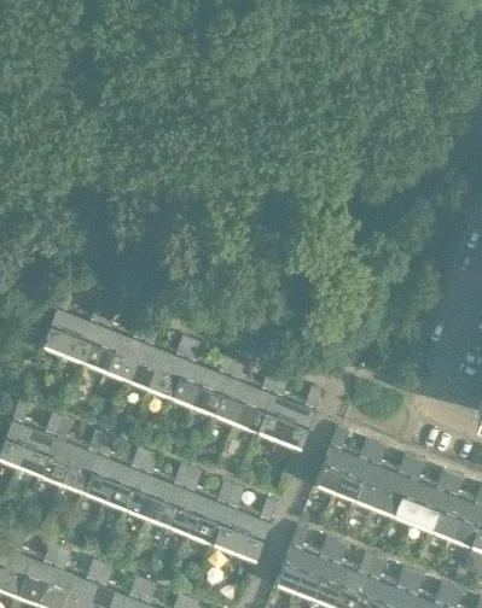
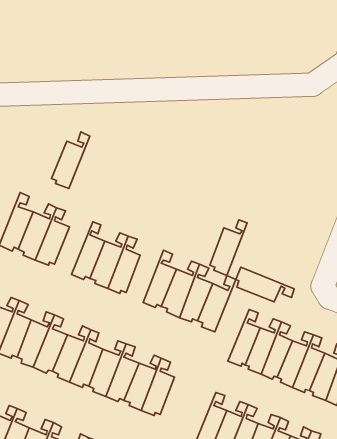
building: [110,318,156,386] -> [52,132,90,188]
building: [196,353,240,420] -> [210,220,247,275]
building: none -> [236,267,294,302]
building: [237,499,283,567] -> none

